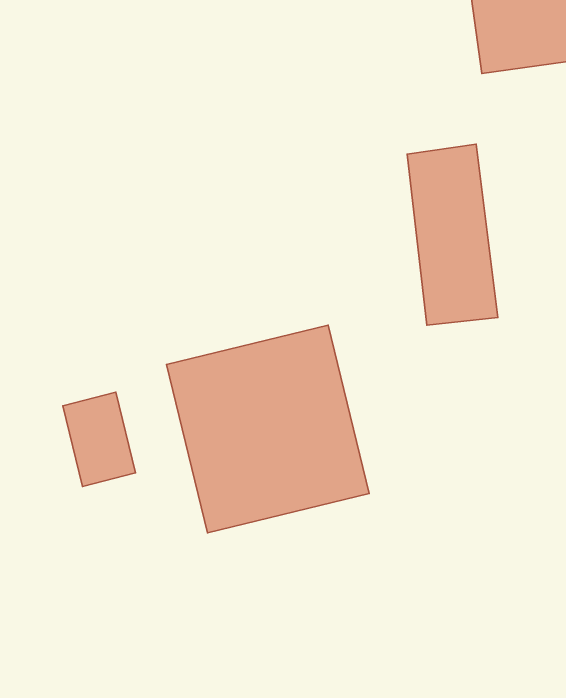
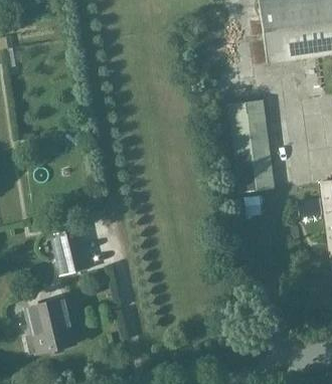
building: [166,325,369,533] -> none
building: none -> [26,300,74,354]

